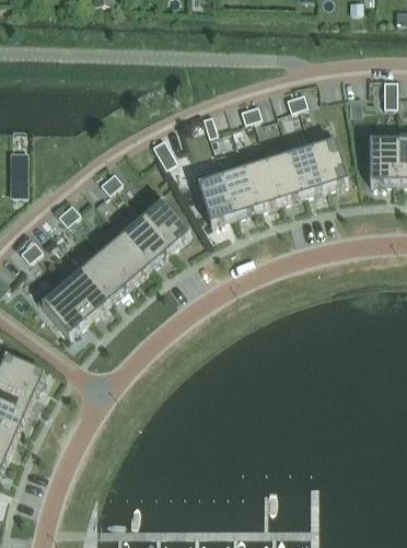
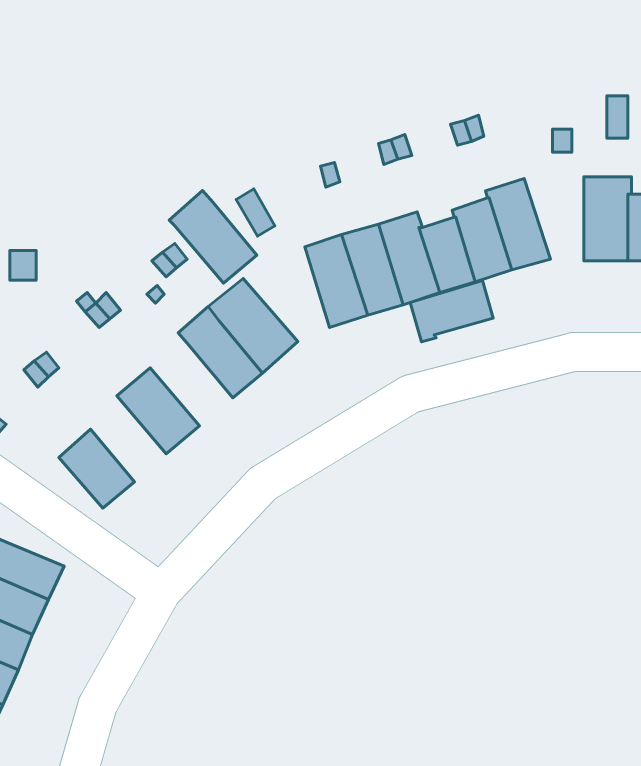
building: none -> [410,280,493,342]
building: [96,229,151,287] -> [169,190,257,283]
building: [59,268,109,322] -> none

